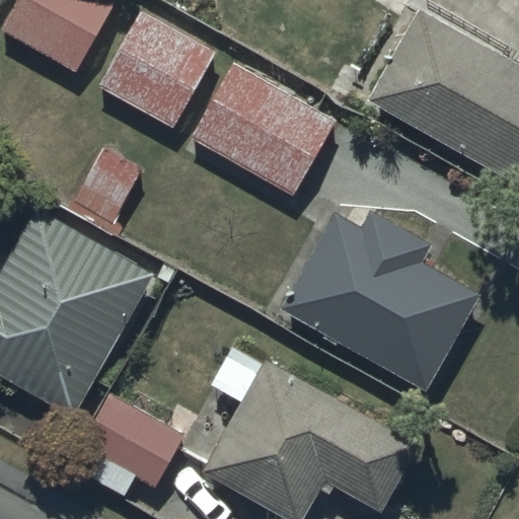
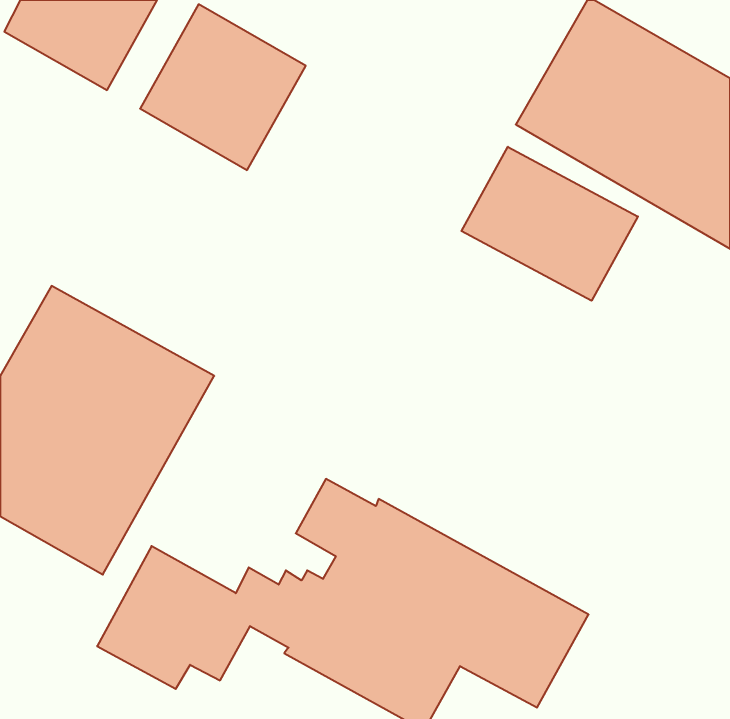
building: [193,64,336,195] -> none
building: none -> [461,147,638,301]
building: [282,209,481,391] -> none

